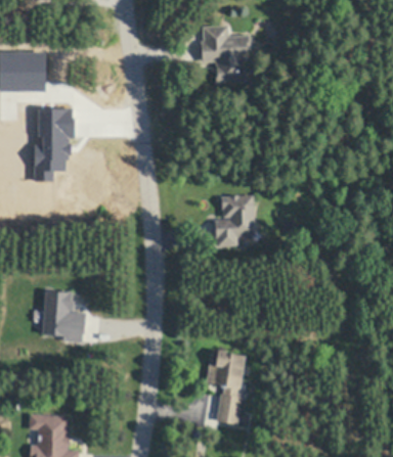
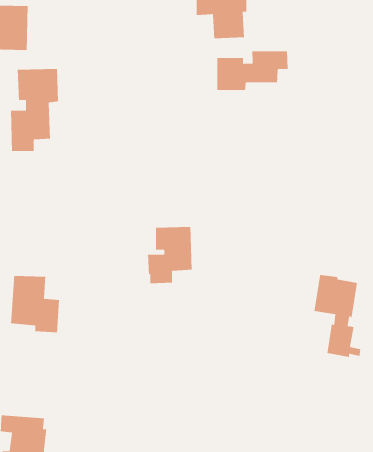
building: none -> [217,50,288,91]
building: [214,194,254,245] -> [147,226,192,284]
building: [205,350,247,423] -> [314,274,361,358]

